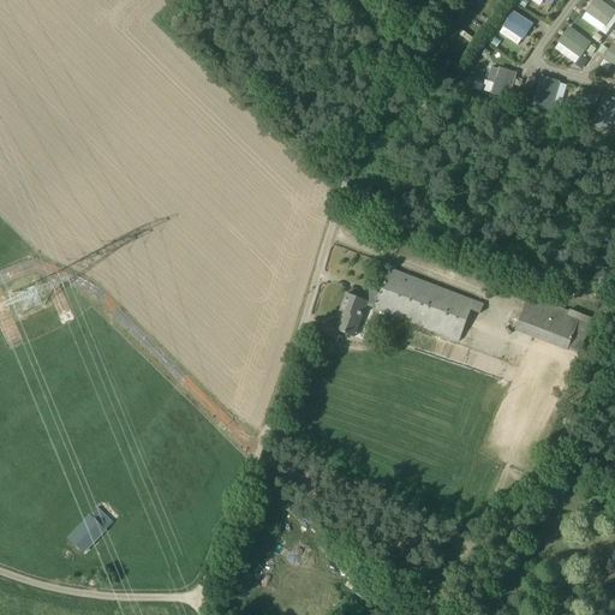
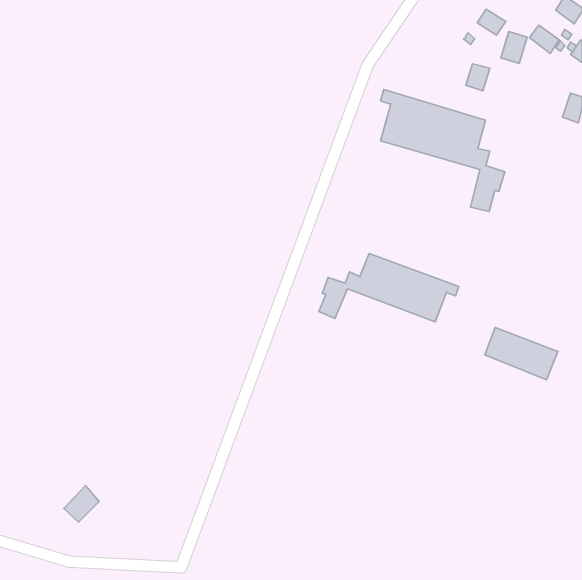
building: [531,76,559,109] -> [501,32,527,63]
building: none -> [380,90,505,212]
building: [515,299,592,354] -> [485,328,558,380]

